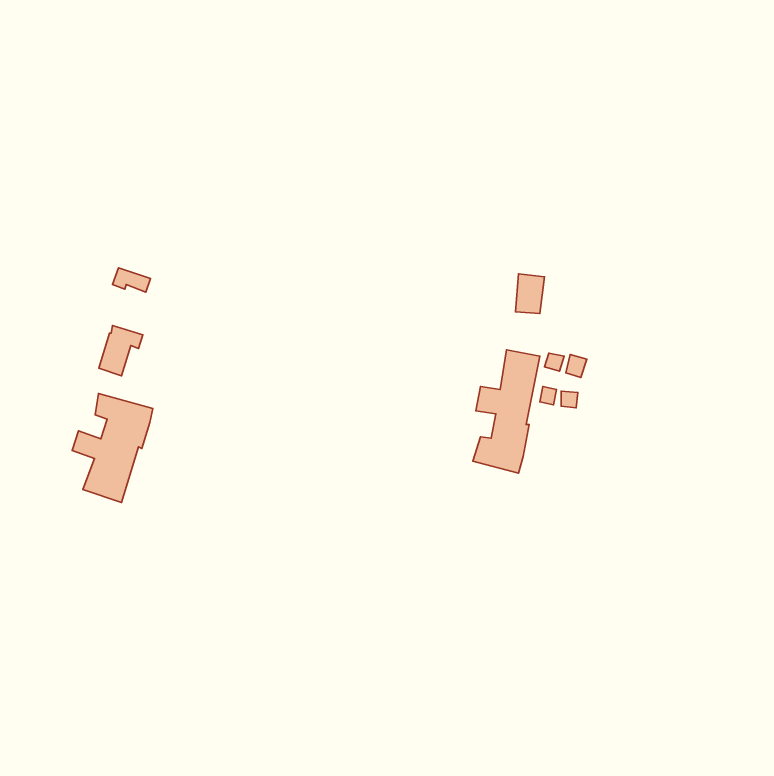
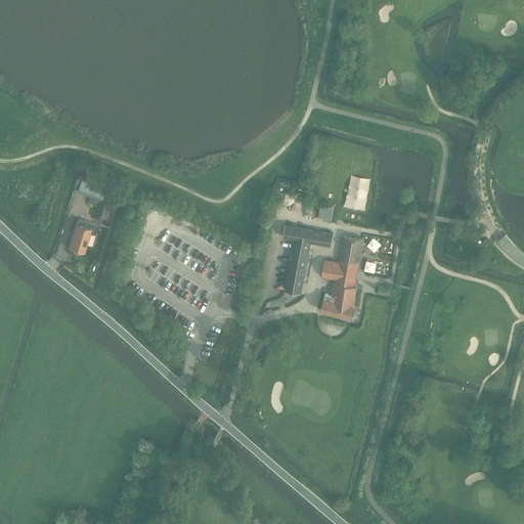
building: none -> [281,225,331,294]
building: [72,394,153,503] -> none

